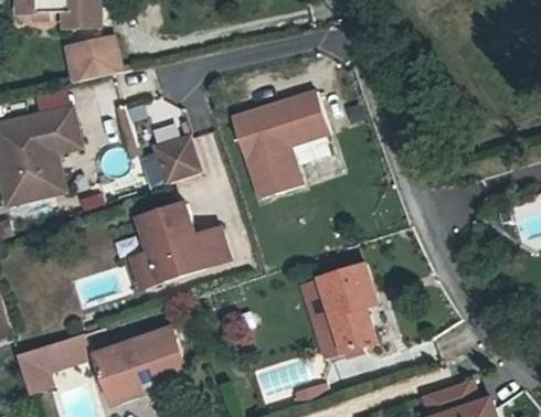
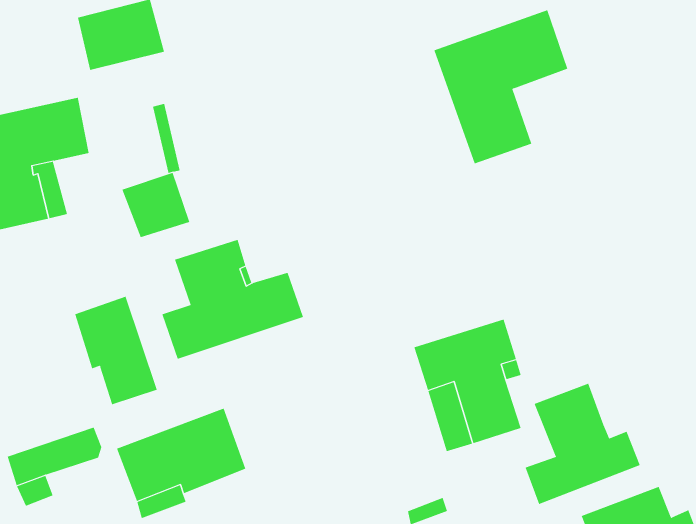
building: [231,88,326,197] -> [434,9,568,164]
building: [152,136,201,182] -> [121,172,190,238]
building: none -> [75,296,157,405]
building: none -> [525,383,640,505]

